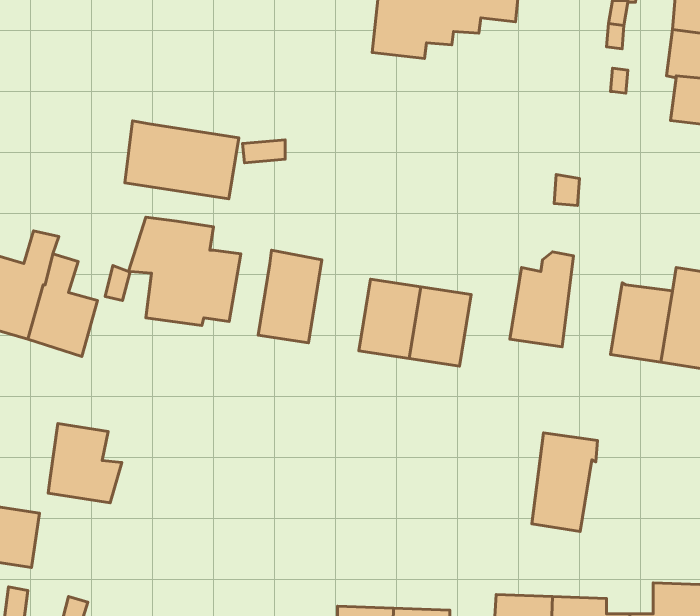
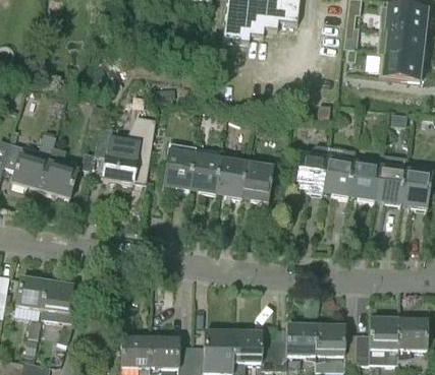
building: [125,121,239,199] -> none
building: none -> [187,149,221,197]
building: [48,424,122,503] -> [41,283,79,324]
building: [532,433,598,531] -> [321,147,356,199]

